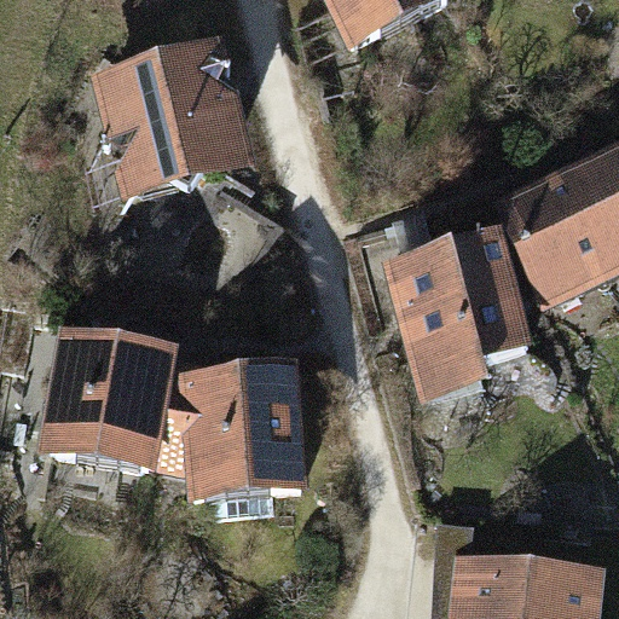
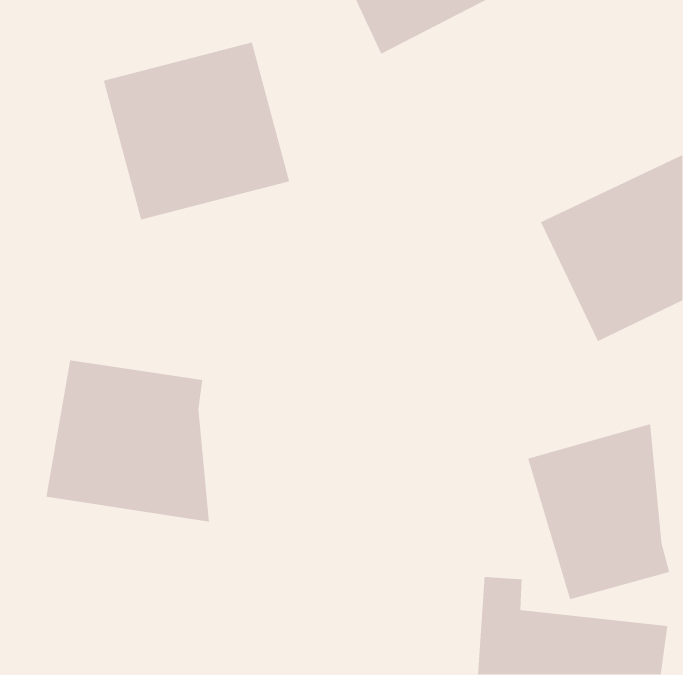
building: [378,226,532,400] -> none
building: [180,358,317,499] -> none
building: none -> [527,423,670,600]

